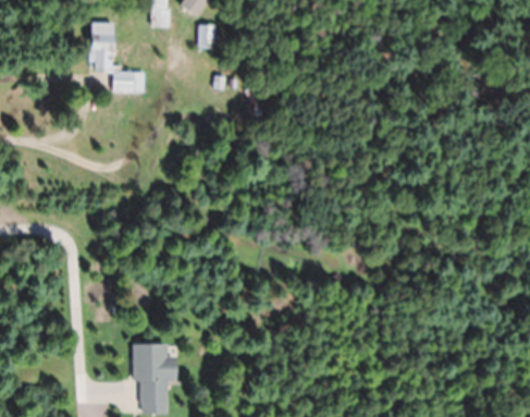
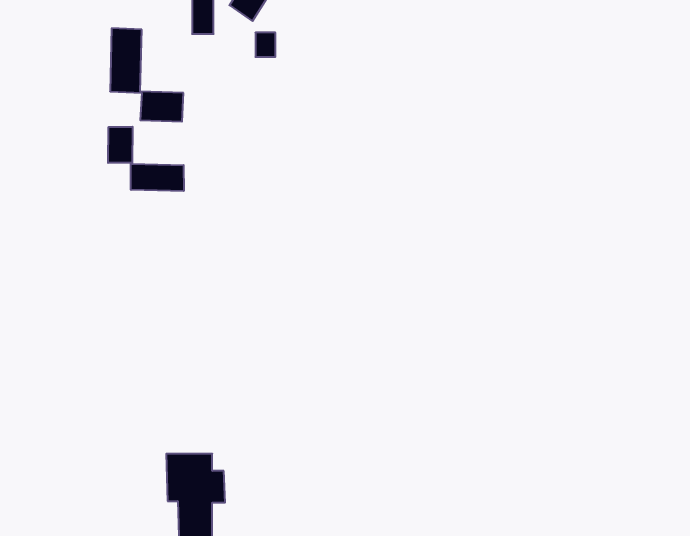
building: none -> [108,127,184,191]

